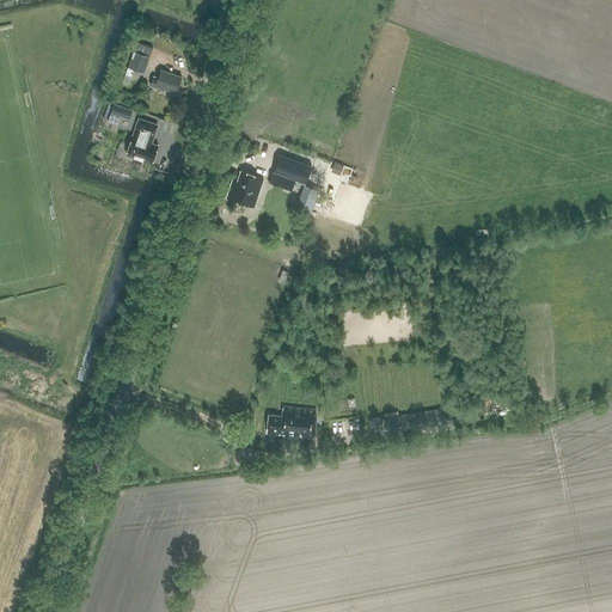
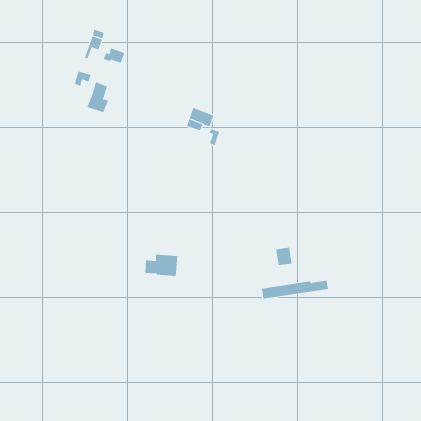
building: [226,171,262,207] -> none
building: none -> [276,247,292,266]
building: [267,406,316,439] -> [144,254,178,276]

